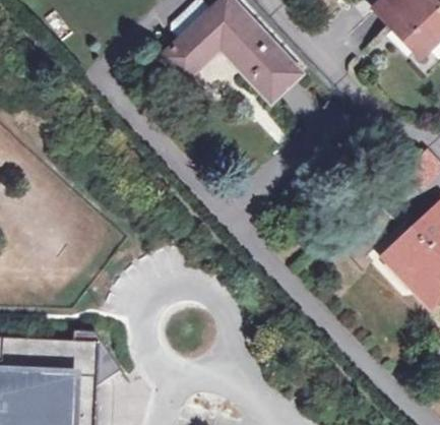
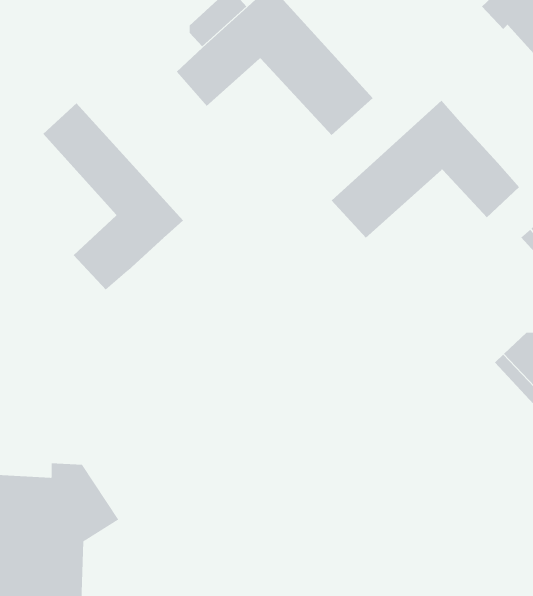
building: none -> [331,100,520,238]
building: none -> [43,103,184,290]

